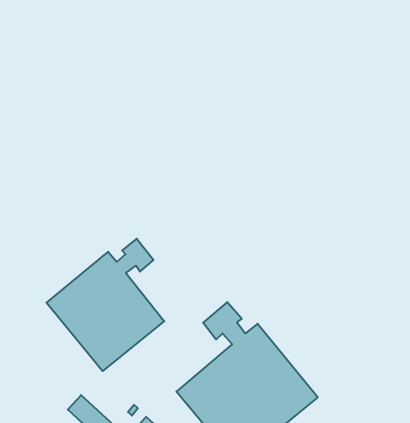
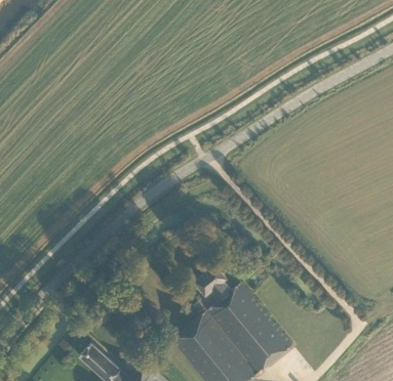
building: [46,239,164,371] -> none

